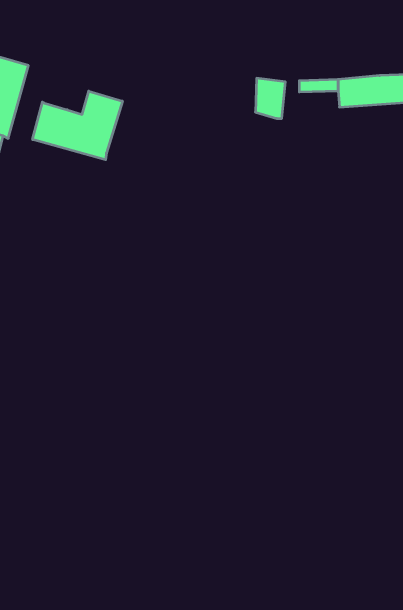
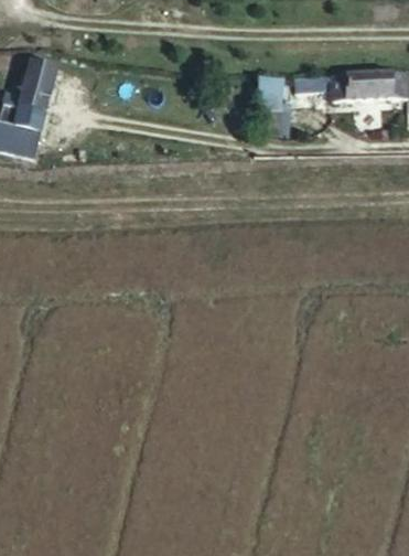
building: [33,91,122,160] -> none

